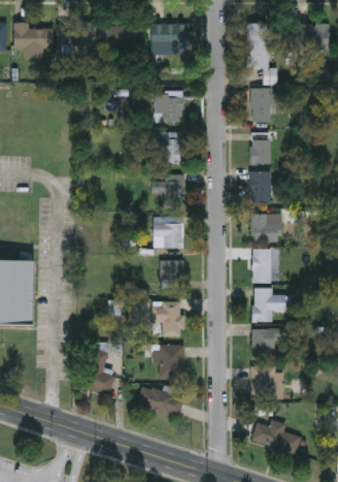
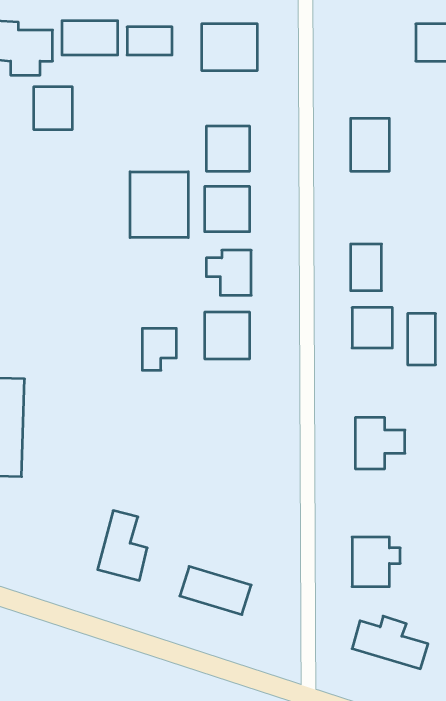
building: [247,24,268,68] -> none
building: none -> [34,87,72,130]
building: none -> [130,172,188,238]
building: [250,136,271,165] -> none
building: [252,249,271,283] -> [408,314,436,365]
building: [161,260,183,288] -> [142,328,176,370]
building: [153,301,183,335] -> none
building: [254,329,277,358] -> none
building: [156,346,184,378] -> none

